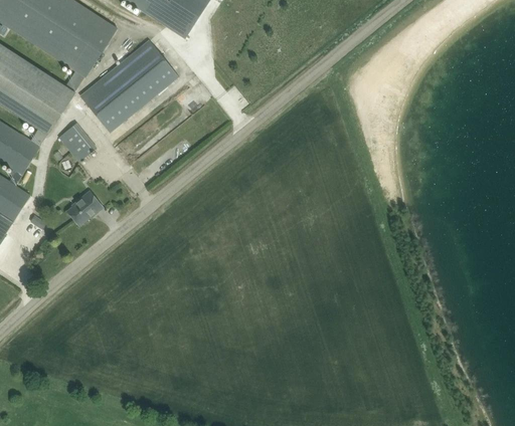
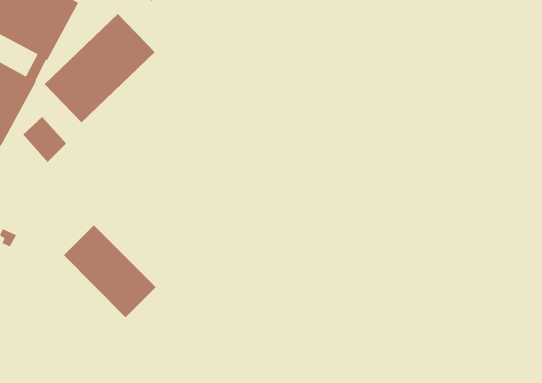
building: [64,189,103,226] -> none
building: none -> [63,225,156,318]

